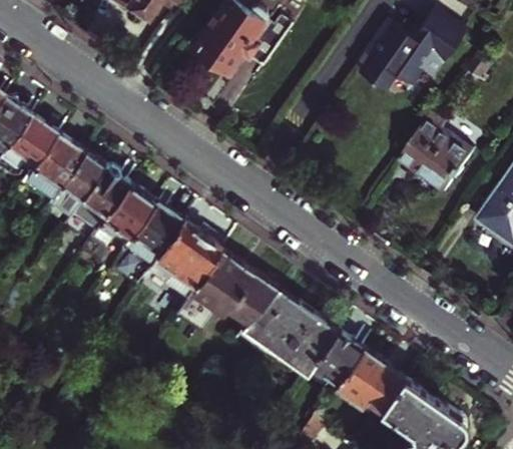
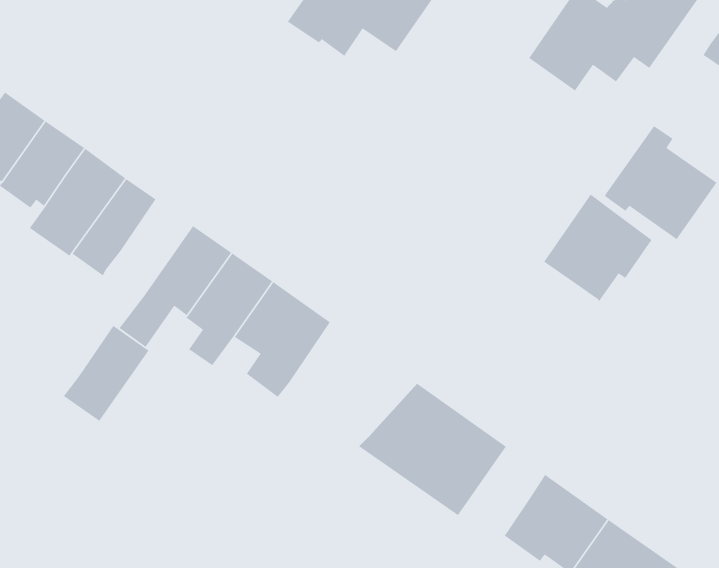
building: none -> [543,193,653,302]
building: [73,168,130,233] -> [63,325,149,422]
building: [175,250,279,336] -> none
building: [306,332,363,391] -> none

